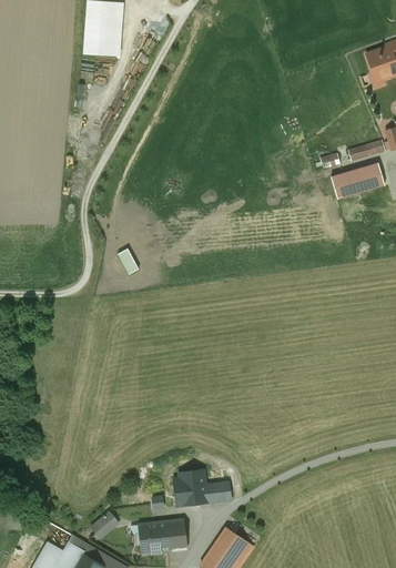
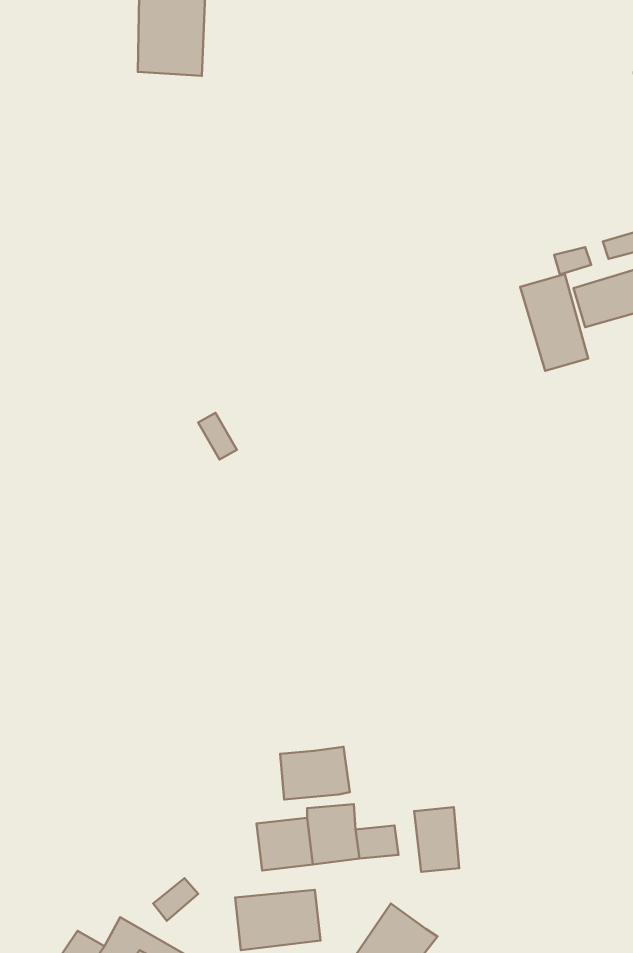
building: none -> [520,274,588,371]
building: none -> [280,747,350,799]
building: none -> [414,807,459,872]

